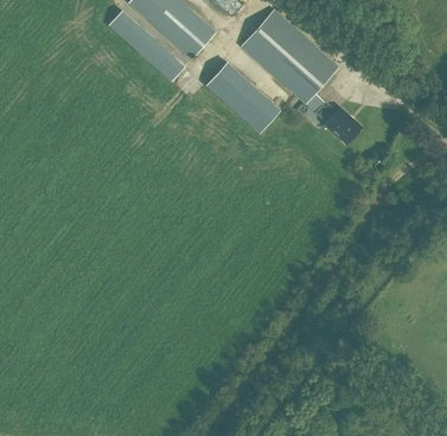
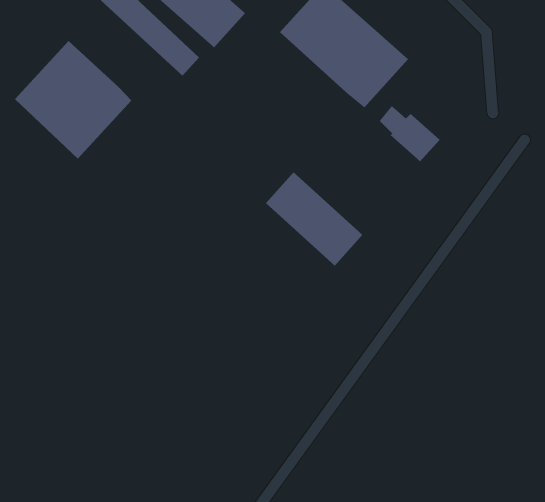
building: none -> [14,40,132,159]
building: [206,57,280,128] -> [265,171,363,267]

